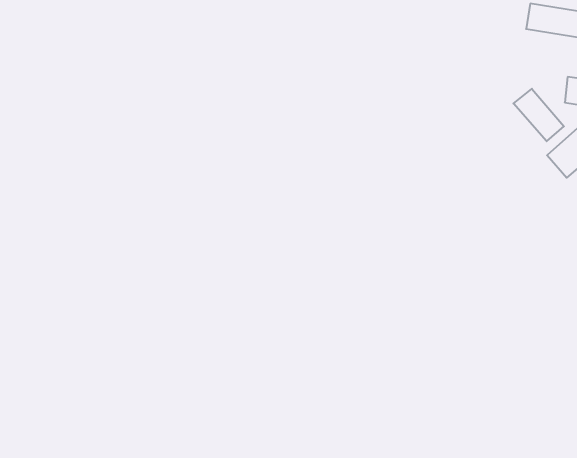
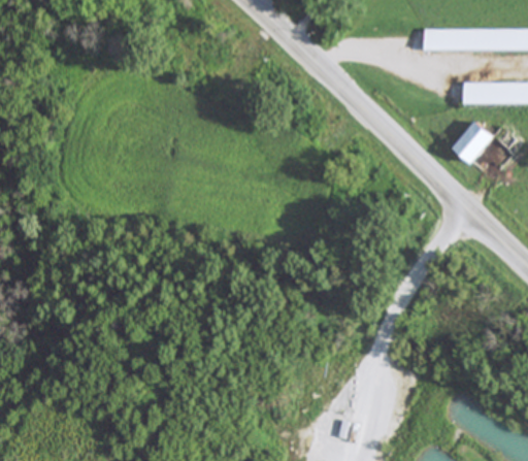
building: [513,89,564,141] -> none

